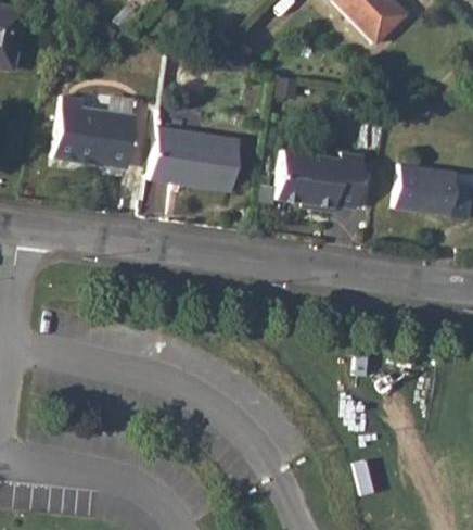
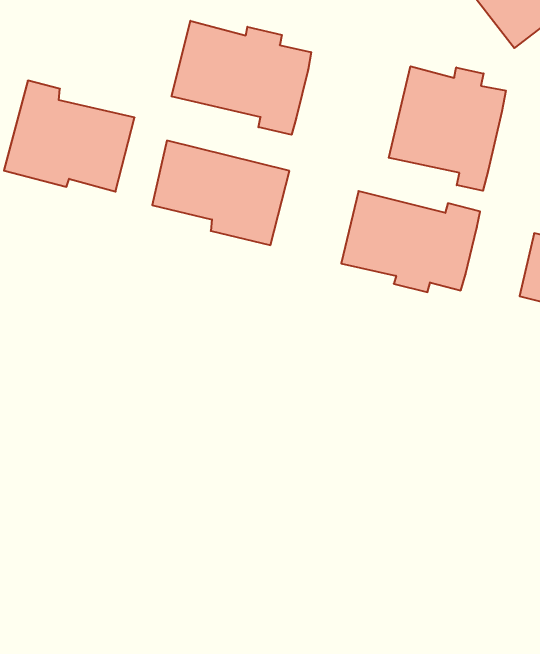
building: none -> [172,21,311,135]
building: none -> [389,66,506,191]

